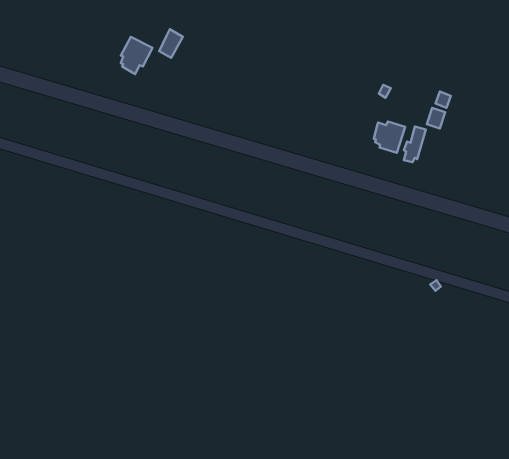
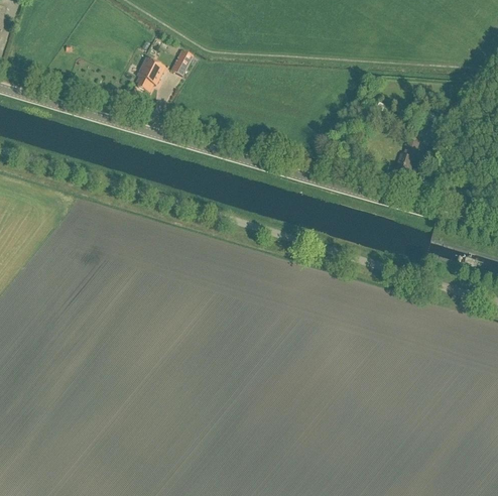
building: [374,122,405,153] -> none

